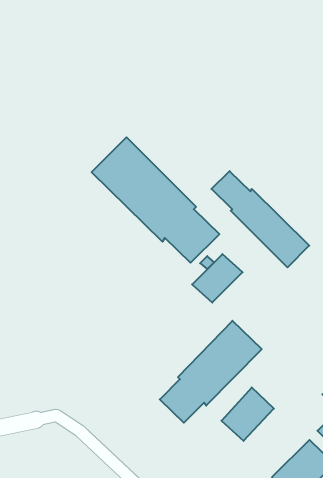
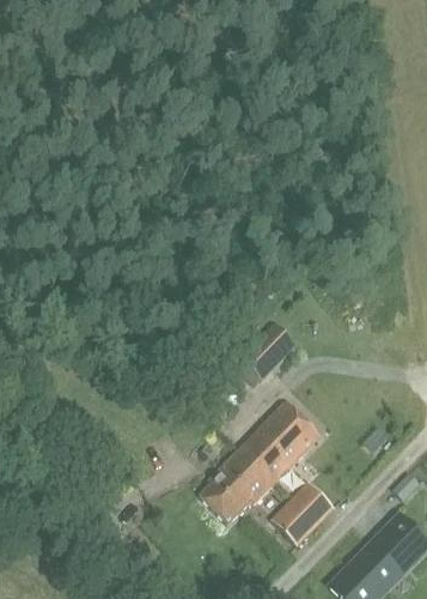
building: [92,137,219,263] -> none
building: [211,171,309,267] -> none

